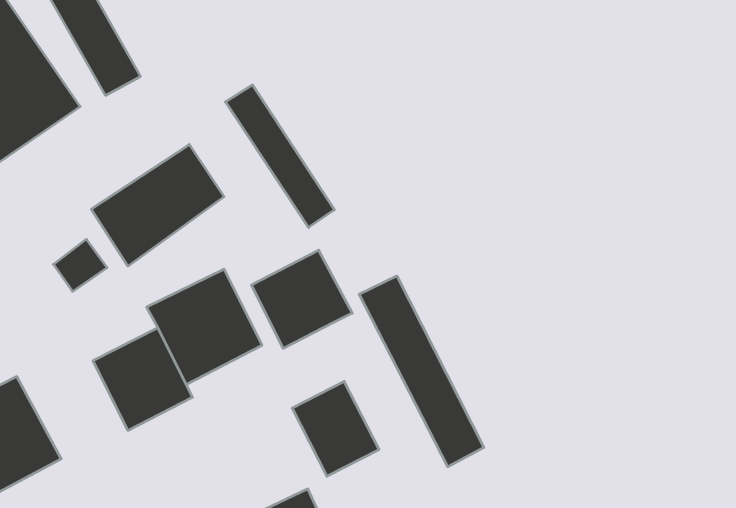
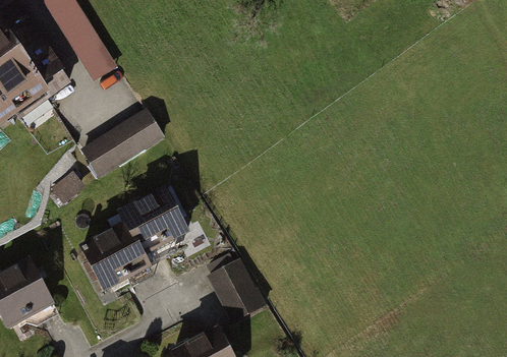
building: [225,85,334,228] -> none
building: [252,250,352,348] -> none
building: [359,276,484,467] -> none

